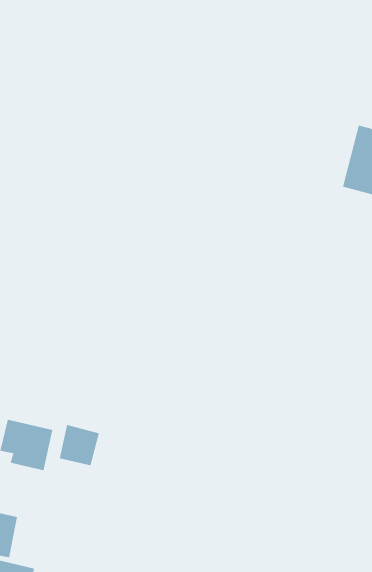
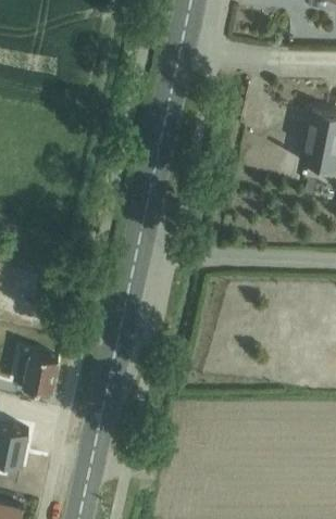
building: [59,424,99,466] -> none

